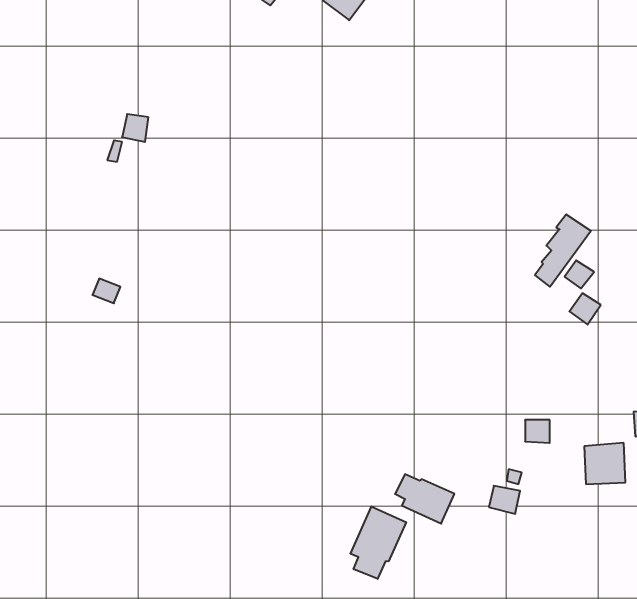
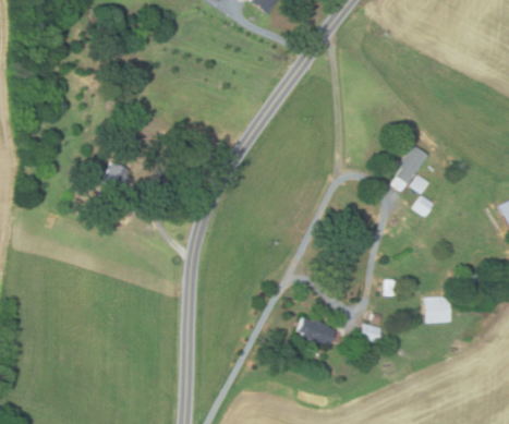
building: none -> [102,162,132,190]
building: [350,506,406,579] -> none

